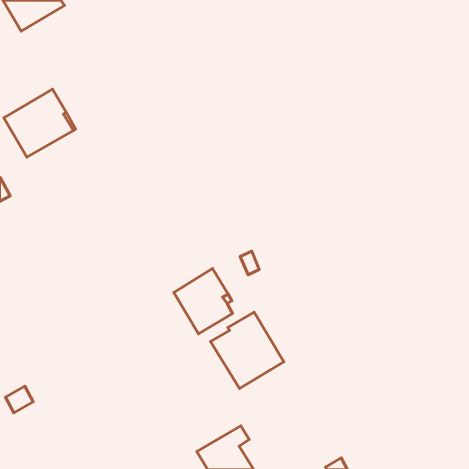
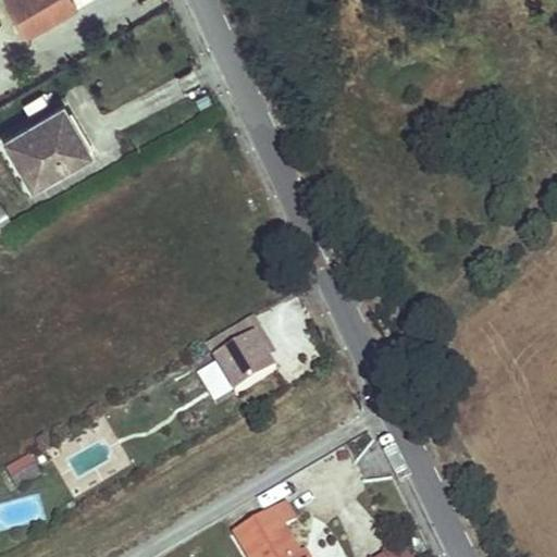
building: [210,312,284,389] -> none

